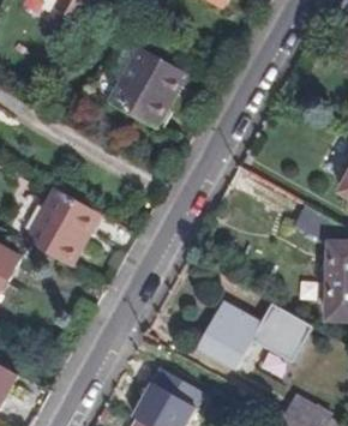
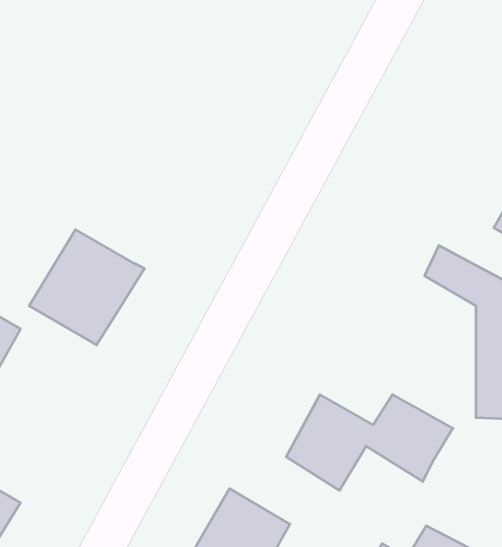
building: [109,48,187,130] -> none

